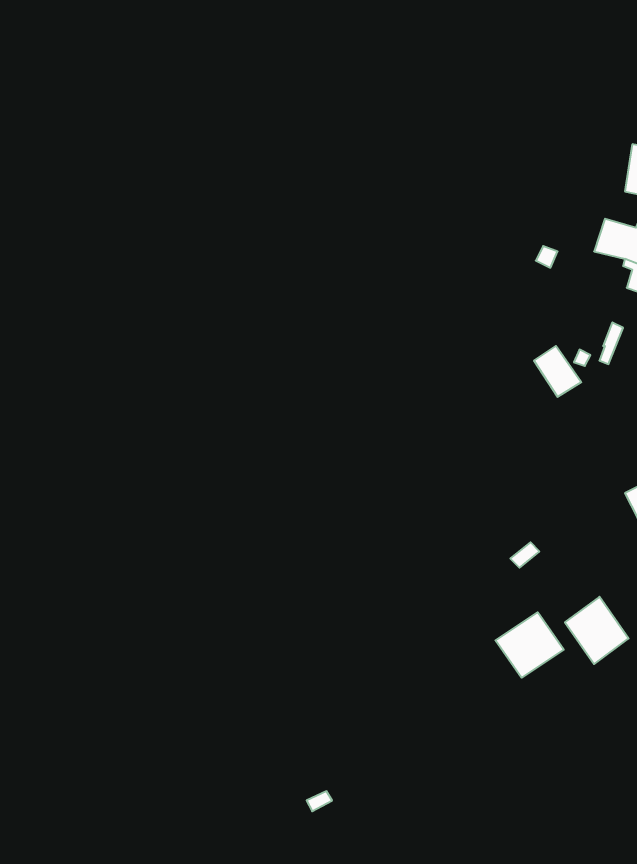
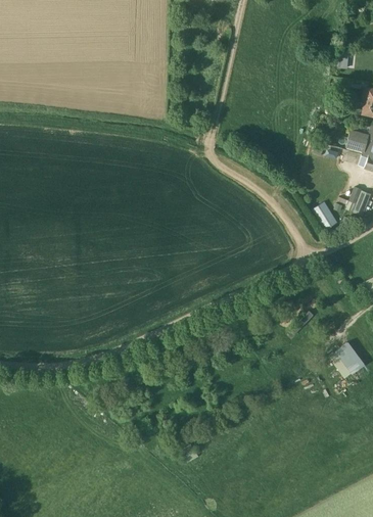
building: [495,612,564,678] -> none

